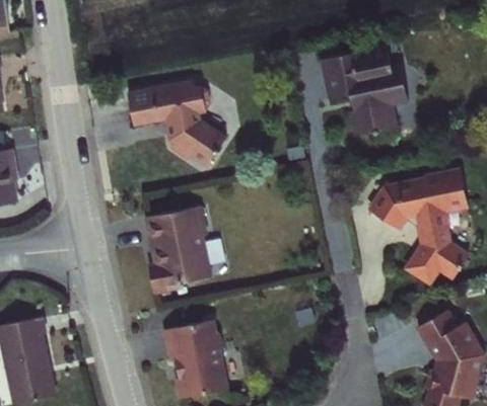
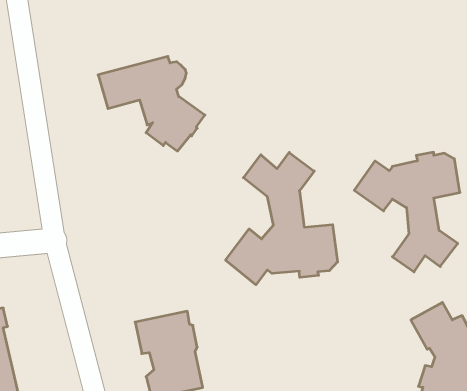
building: [321,47,408,135] -> none
building: none -> [226,152,338,285]
building: [142,211,207,296] -> none

